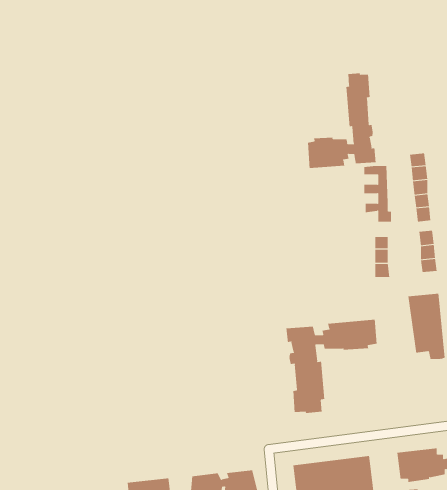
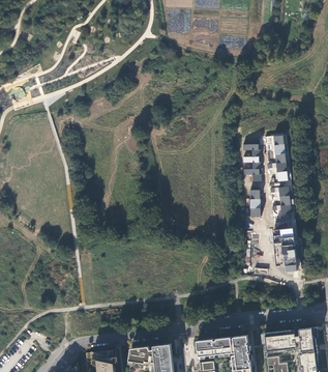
building: [307,72,376,169] -> none
building: [286,319,377,414] -> none

